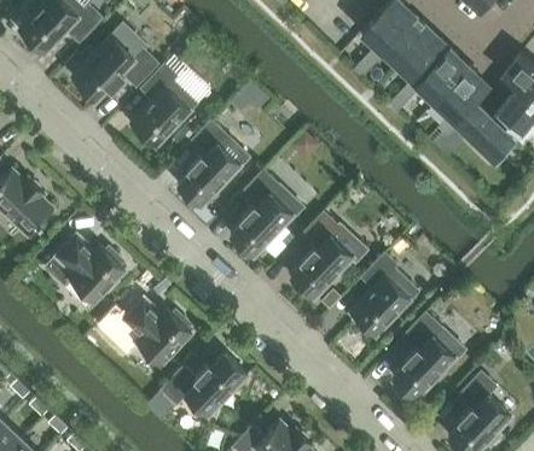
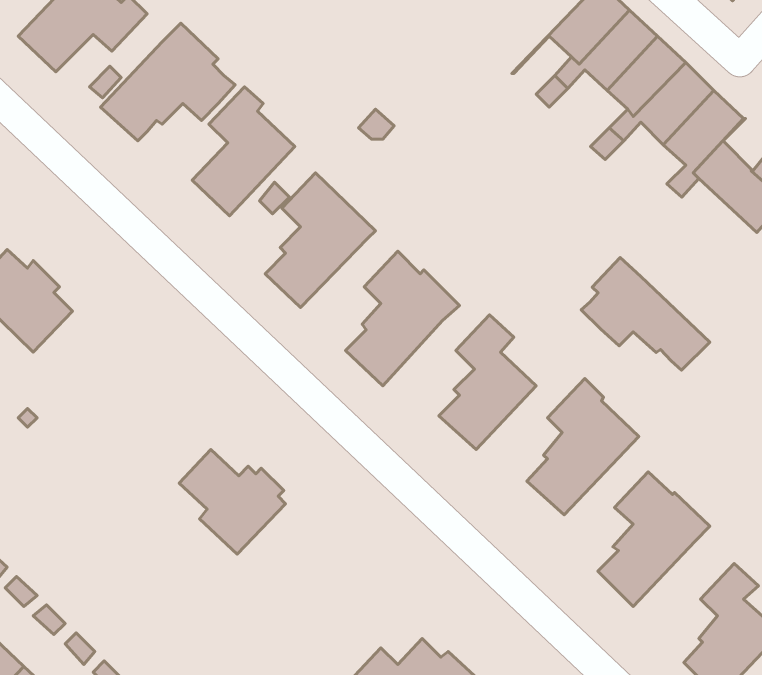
building: none -> [581,257,710,370]
building: [45,235,124,304] -> none
building: [161,353,248,417] -> none

